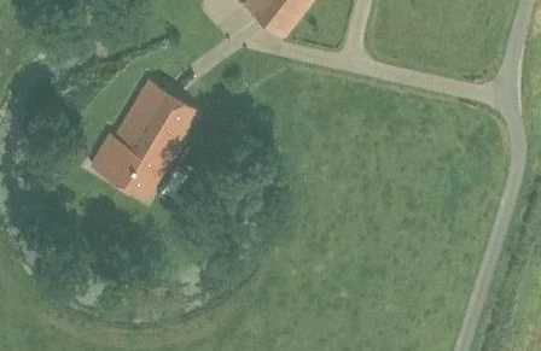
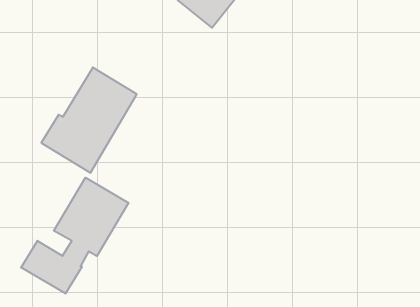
building: none -> [21,178,128,294]

